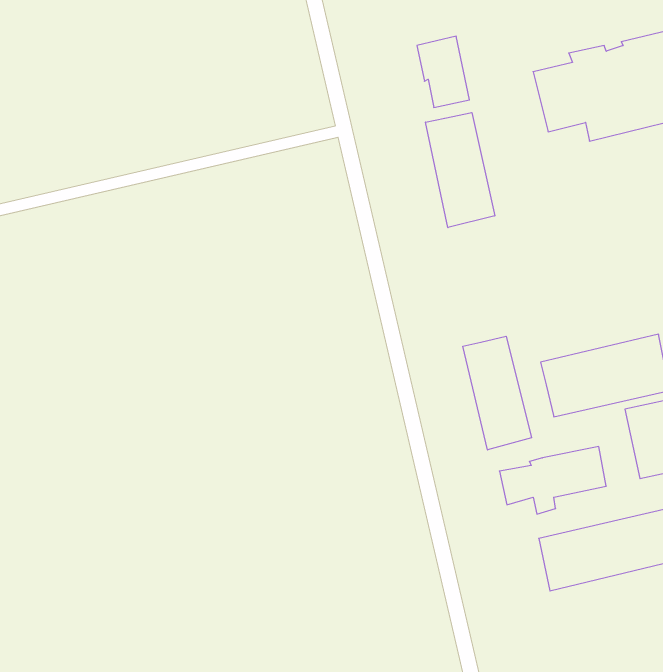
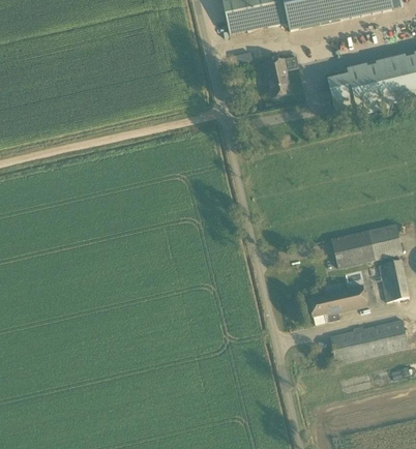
building: [426,113,495,228] -> none
building: [463,336,531,450] -> none

